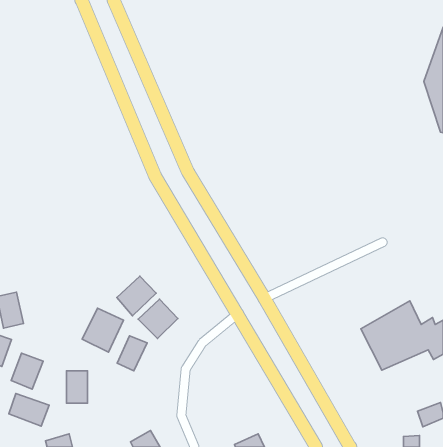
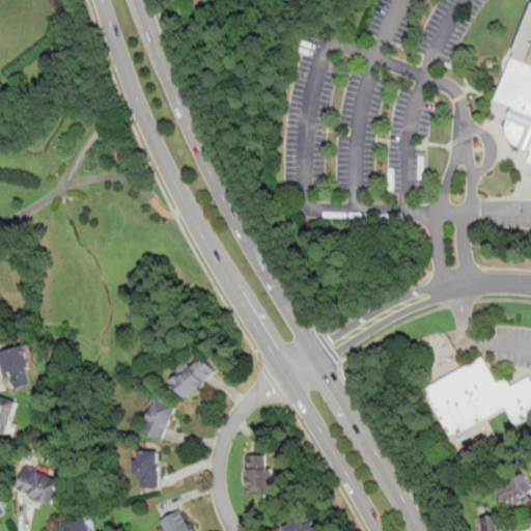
building: [117,276,156,316] -> none
building: [82,308,123,352] -> none
building: [11,353,43,389] -> none
building: [66,371,87,403] -> [133,451,158,490]
building: none -> [245,454,271,495]

